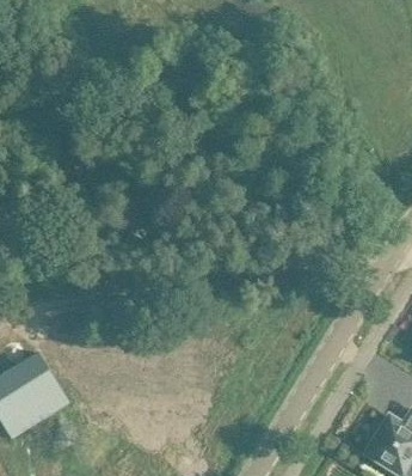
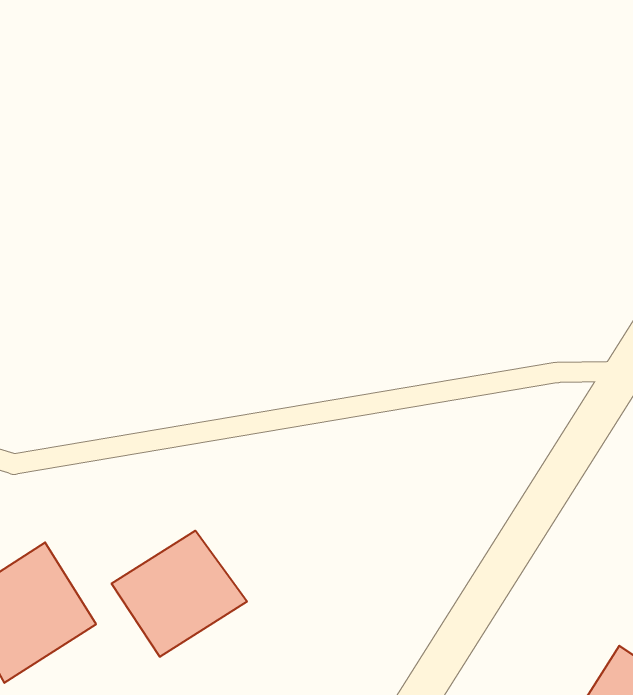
building: none -> [112,531,247,657]

